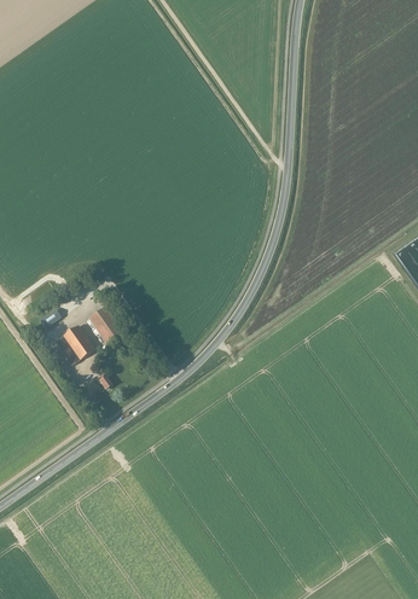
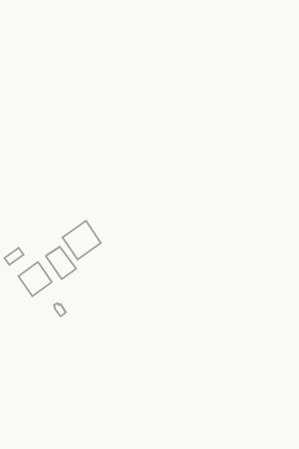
building: none -> [62,221,101,260]

